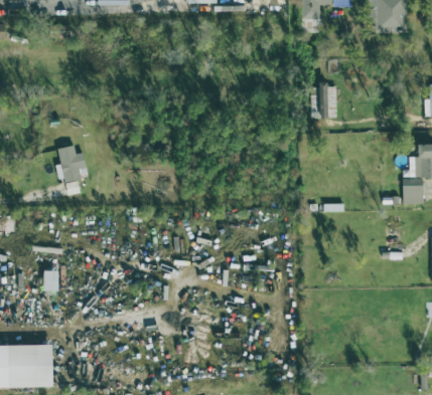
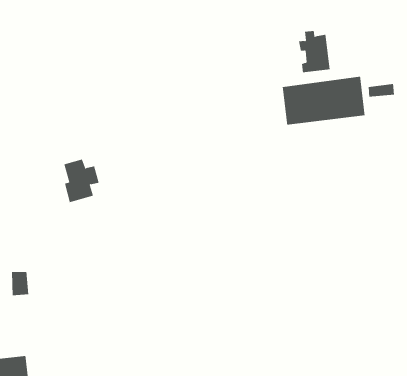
building: none -> [282,76,365,125]
building: [56,145,88,182] -> [64,159,100,203]

